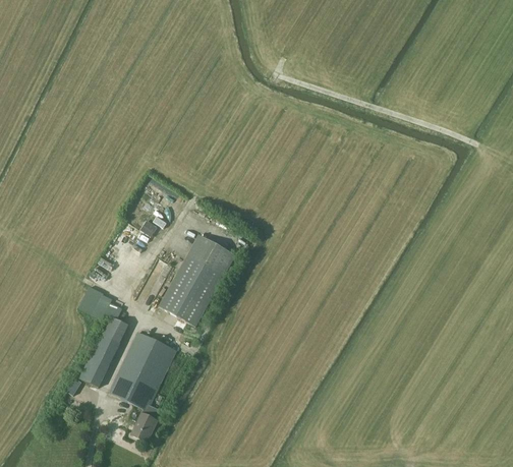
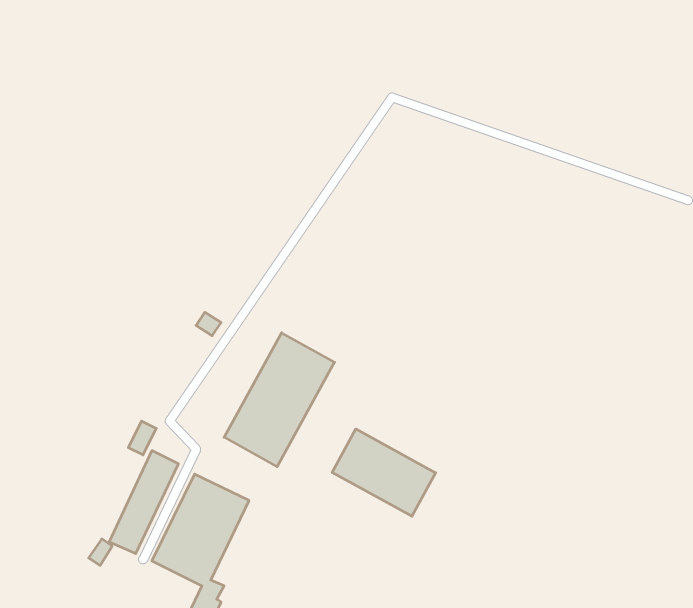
building: none -> [332,429,436,516]

